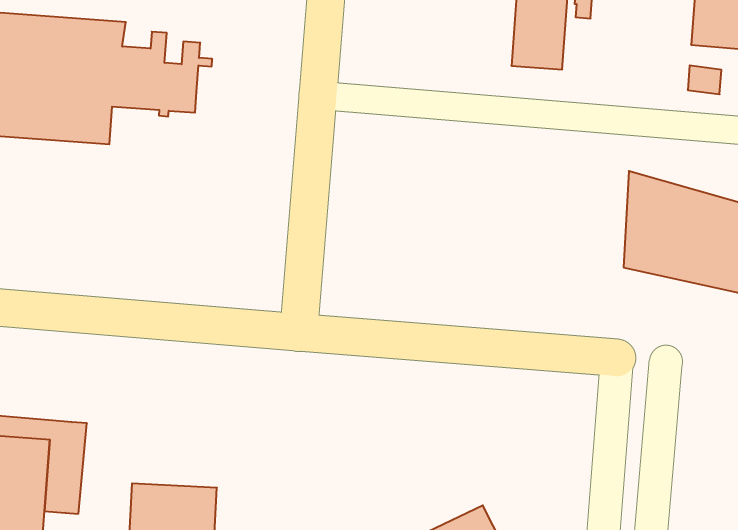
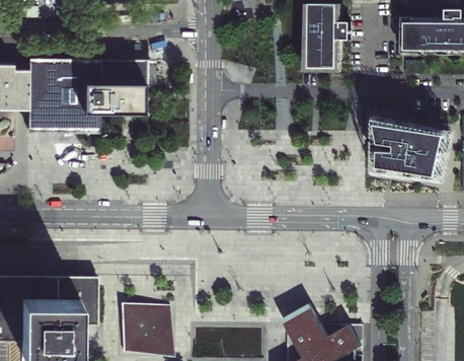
building: none -> [99,61,148,81]

